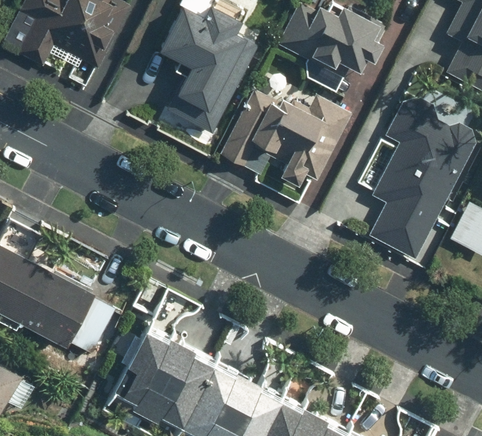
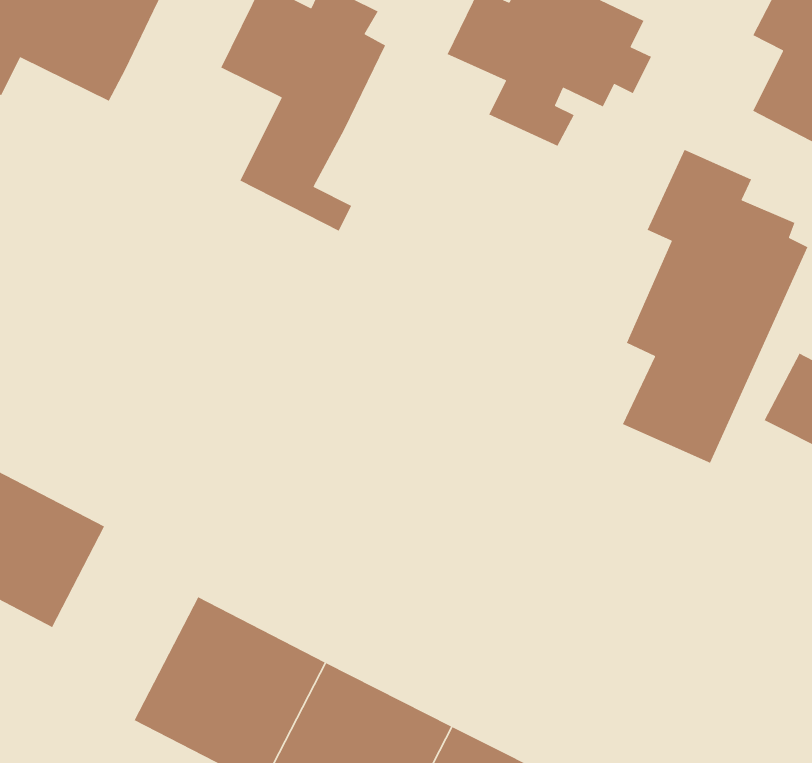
building: [219,86,350,186] -> none

